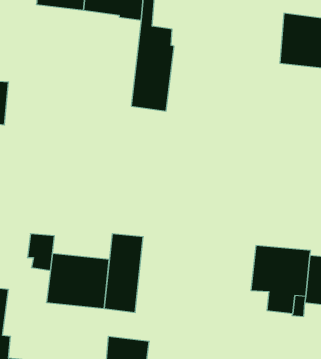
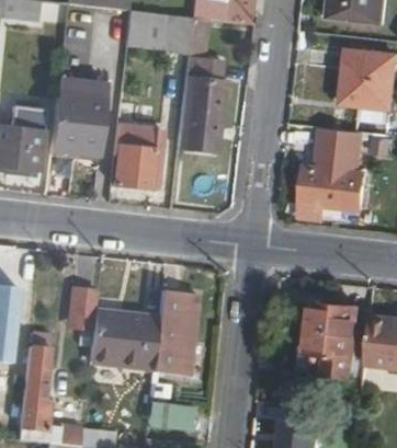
building: none -> [54,77,111,157]
building: none -> [115,125,163,191]
building: none -> [302,127,368,216]

